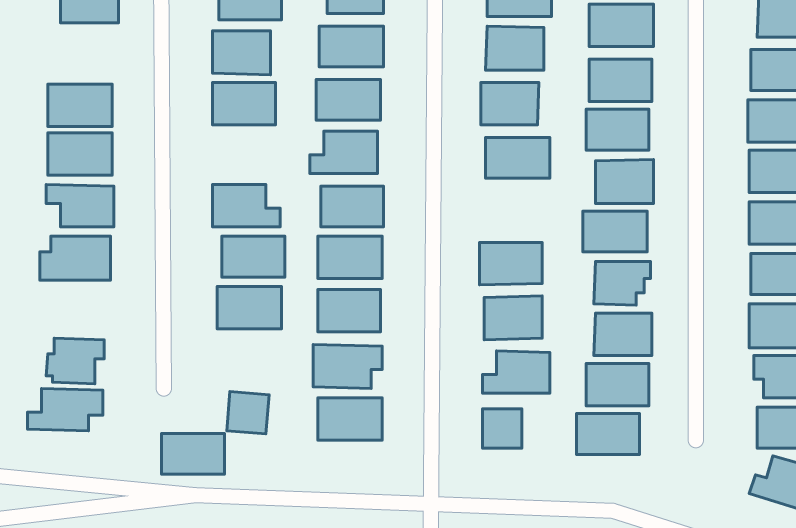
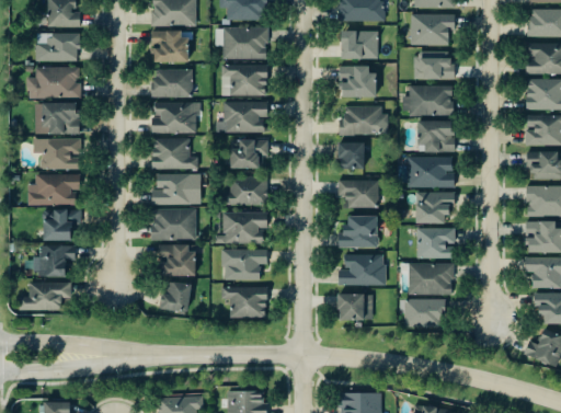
building: none -> [39,31,80,61]
building: none -> [151,103,195,133]
building: none -> [336,141,364,170]
building: none -> [43,213,70,241]
building: [162,433,224,474] -> [151,248,195,276]

